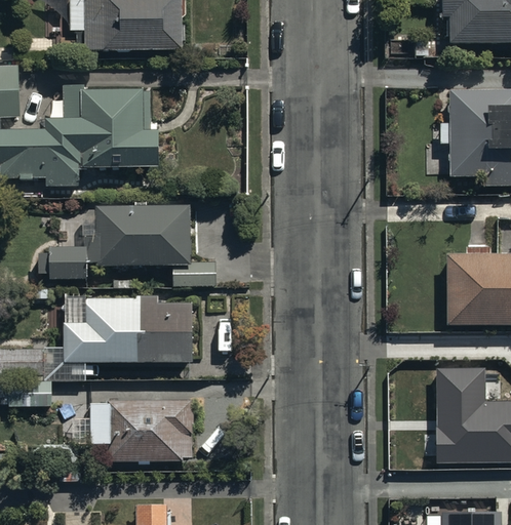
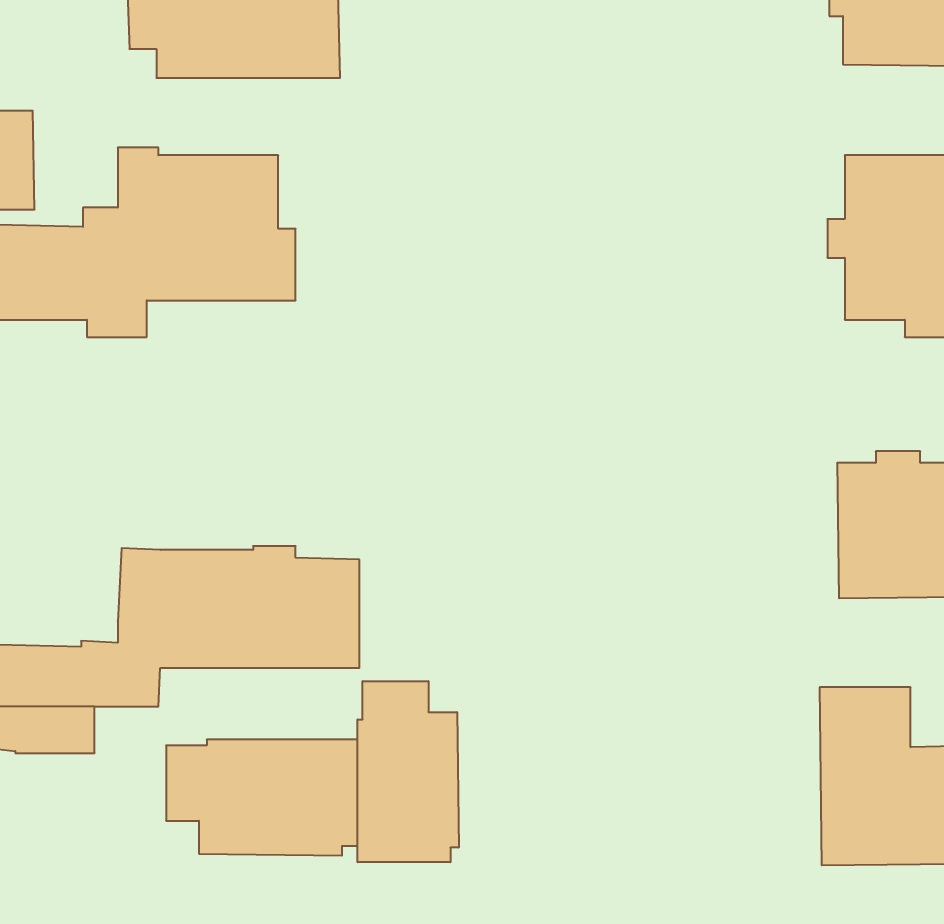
building: [38,204,215,287] -> none
building: none -> [358,681,459,862]

